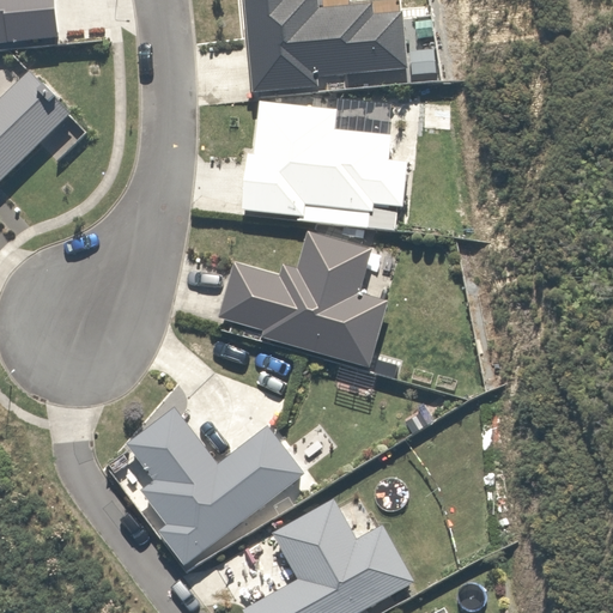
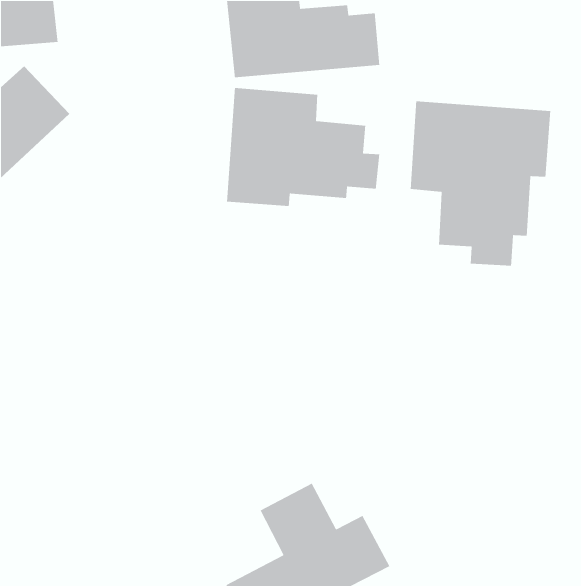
building: none -> [410,100,551,266]
building: [210,236,383,359] -> none
building: [134,409,303,558] -> none

